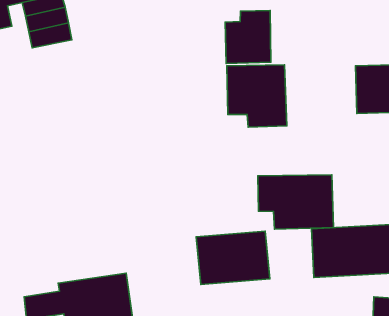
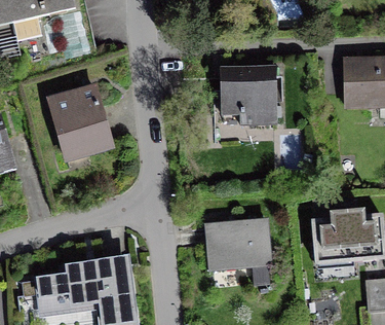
building: [225,11,271,63] -> none
building: none -> [47,88,117,164]
building: [258,175,333,229] -> none

